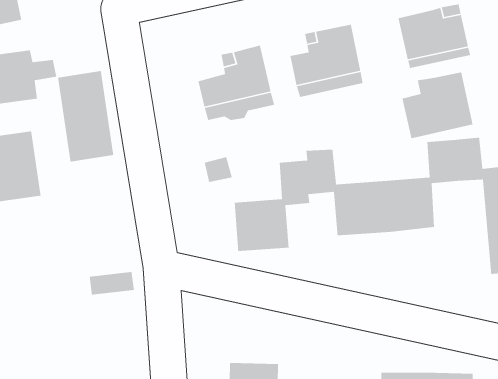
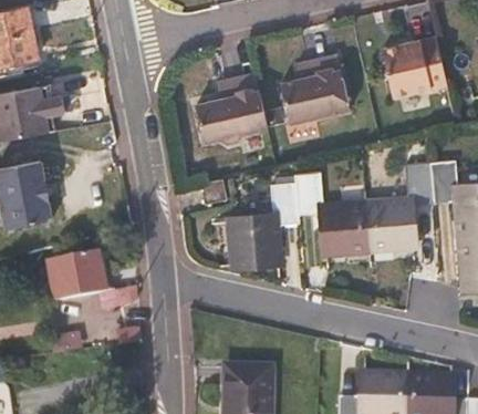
building: [57,70,114,163] -> none
building: [402,71,473,139] -> none
building: none -> [48,246,108,293]

